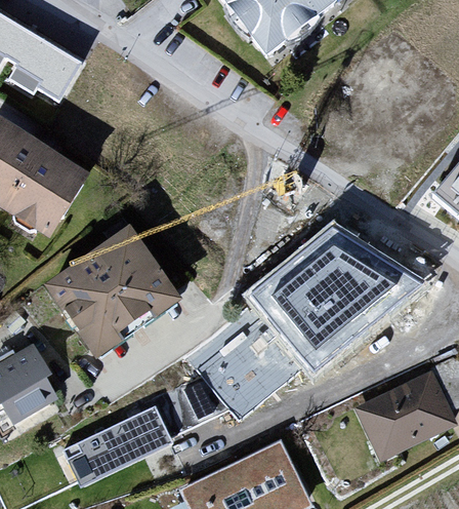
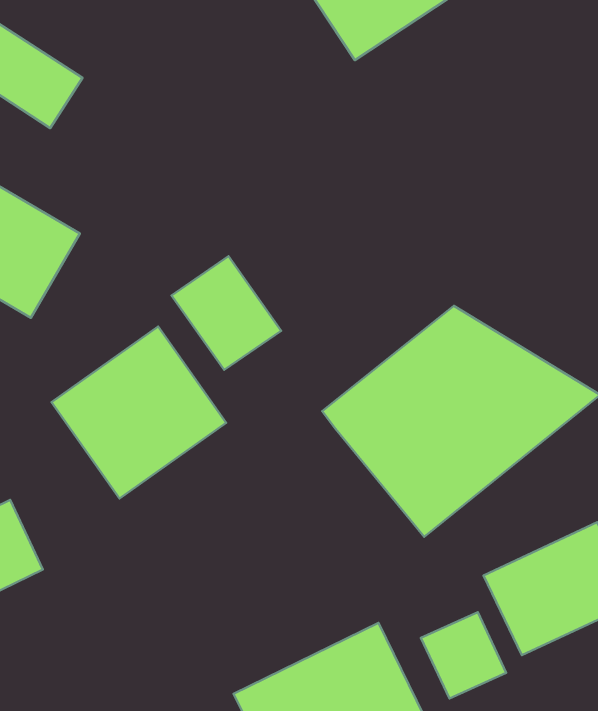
building: none -> [171,256,281,370]
building: [186,306,302,421] -> none
building: [61,385,219,487] -> none
building: none -> [421,612,506,699]

